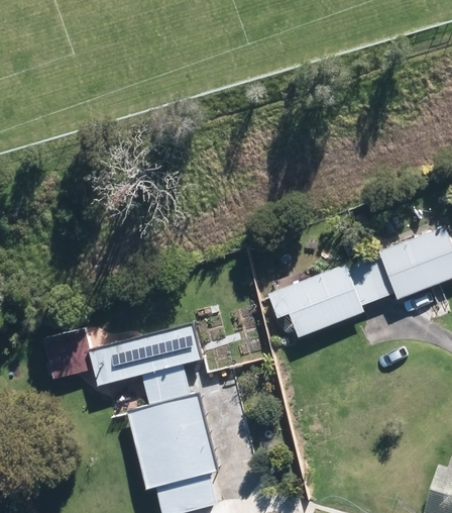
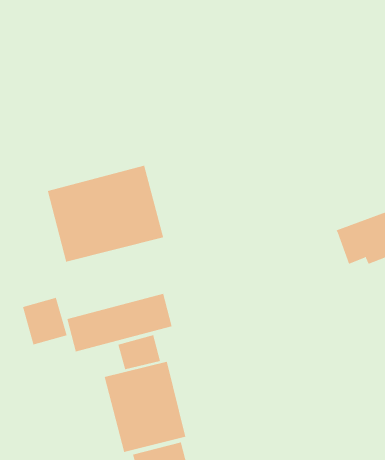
building: none -> [47,165,164,262]
building: [284,264,376,333] -> none

